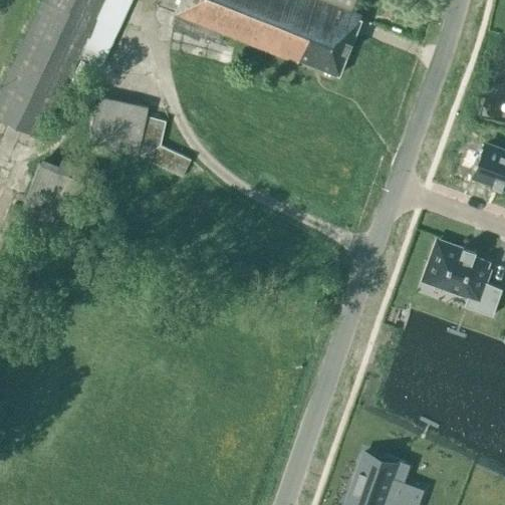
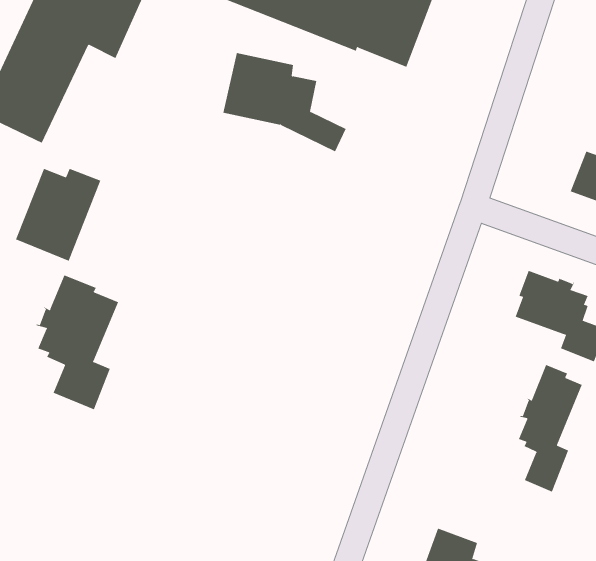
building: [89,96,191,178] -> [223,53,347,152]
building: none -> [36,274,119,410]
building: none -> [518,364,583,492]

